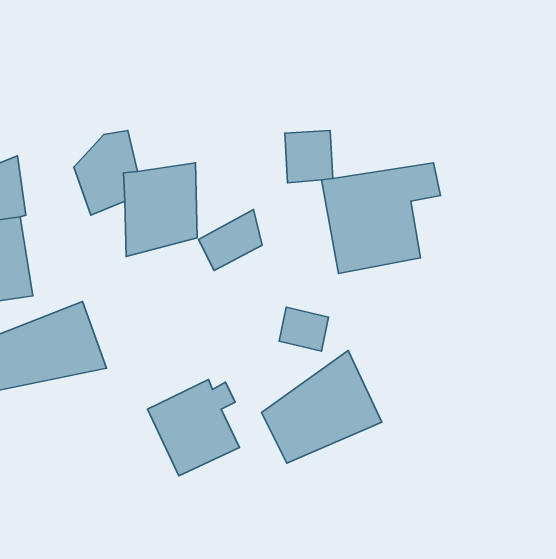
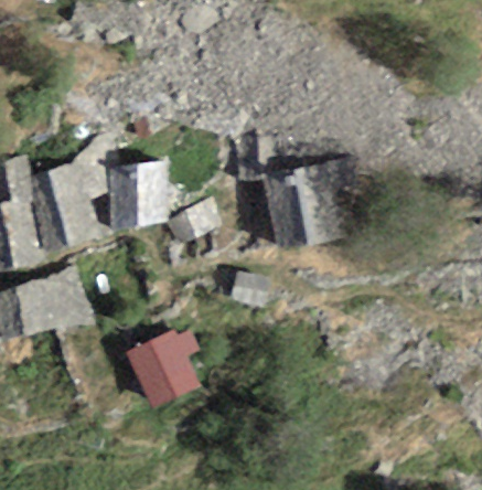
building: none -> [32,163,97,254]
building: [261,350,382,463] -> none

